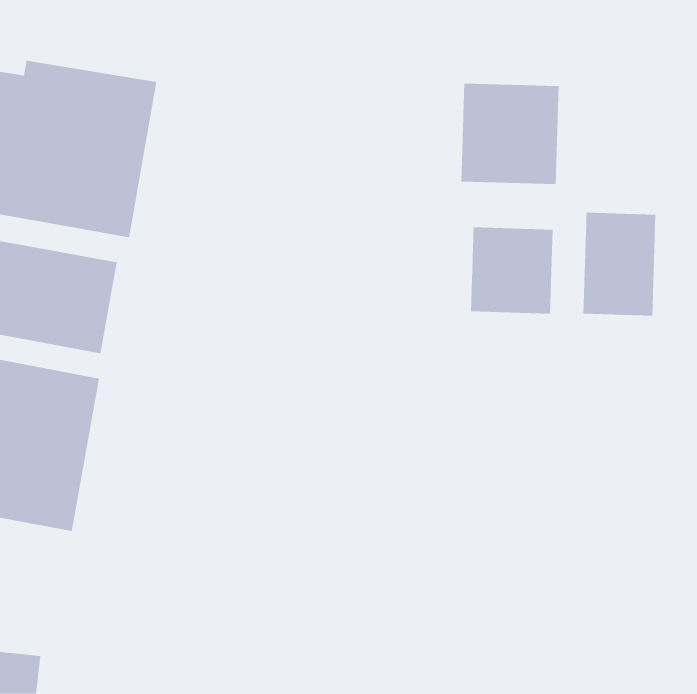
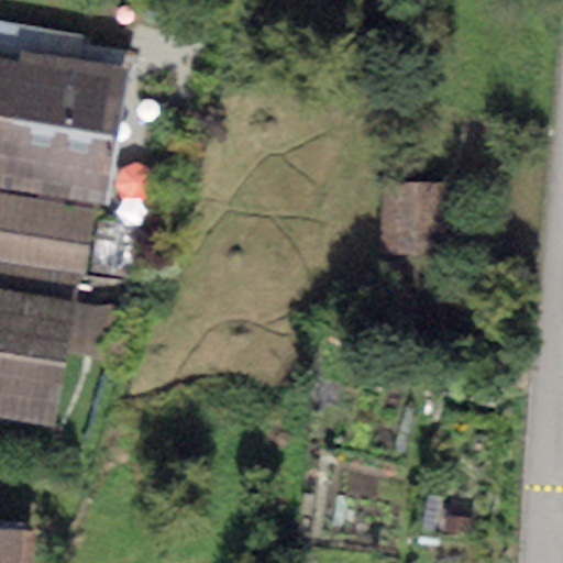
building: [461,83,559,185] -> none
building: [583,212,656,317] -> none

